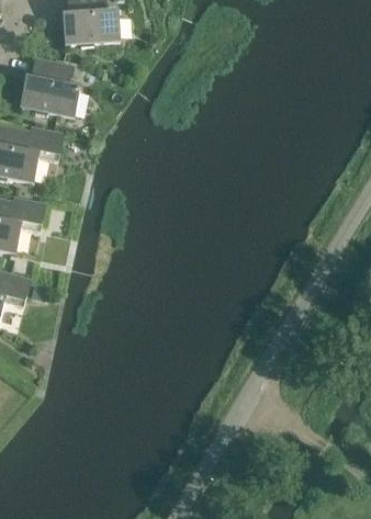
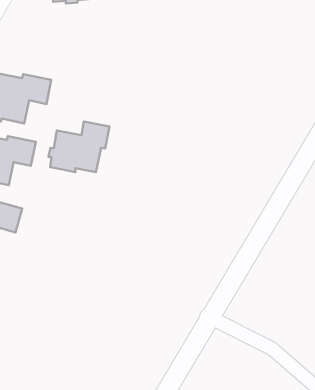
building: [20,58,80,116] -> none
building: none -> [48,121,110,172]

